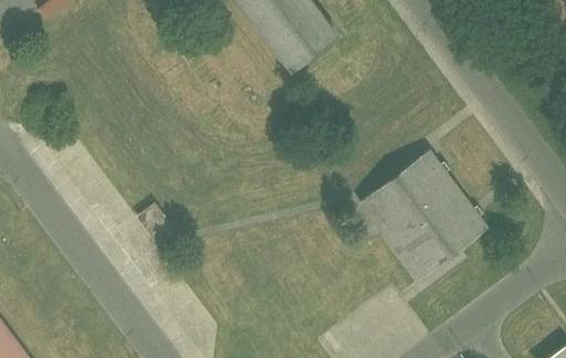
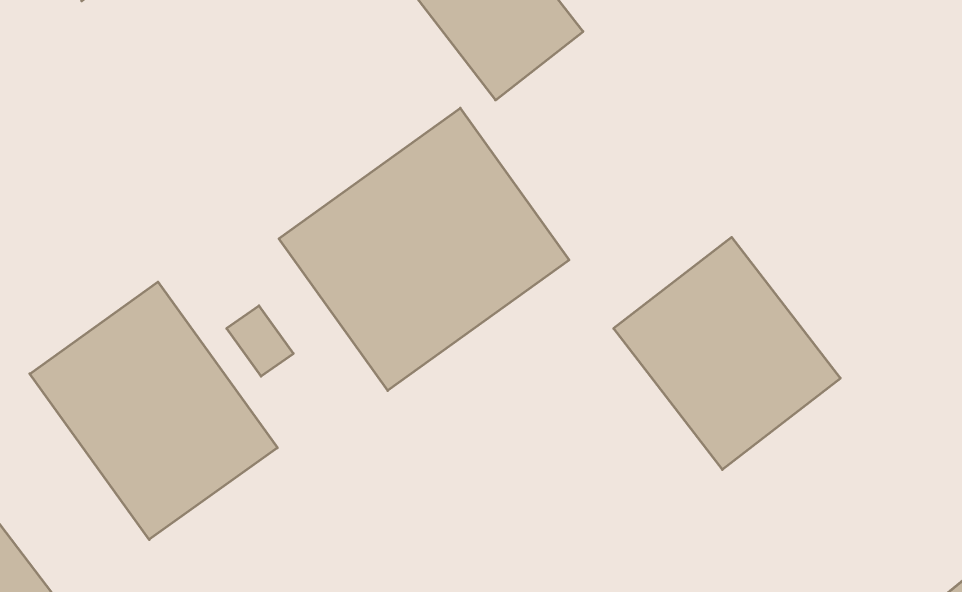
building: none -> [279,108,569,391]
building: none -> [30,282,277,540]

